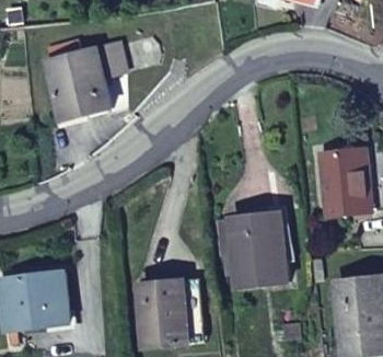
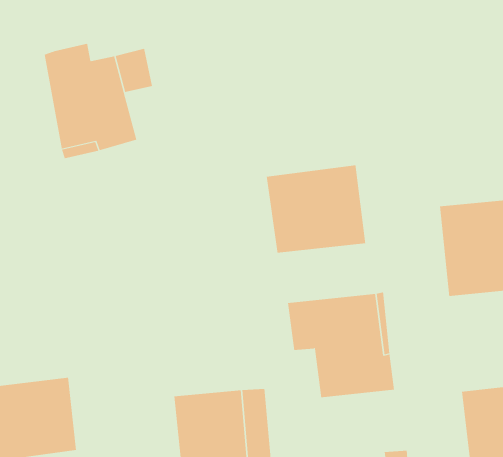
building: none -> [266,165,366,254]

